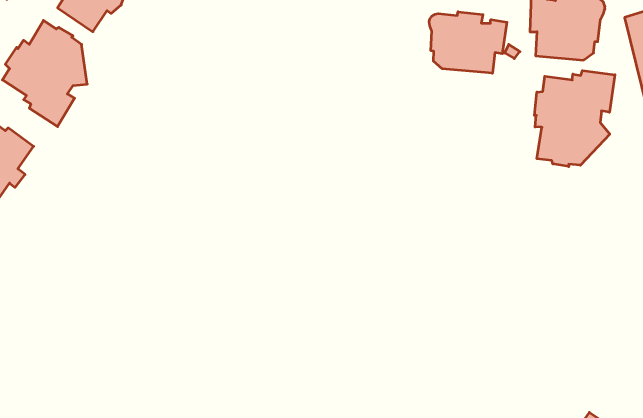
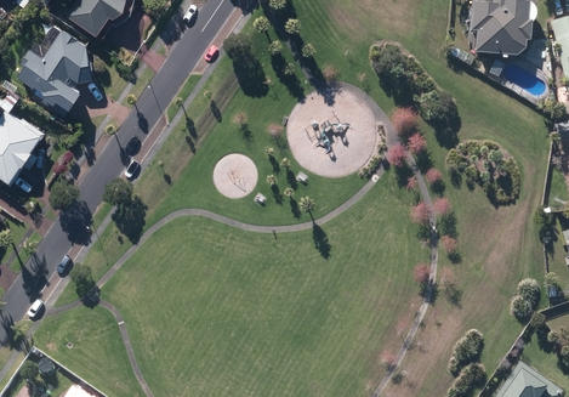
building: [429,12,507,73] -> none
building: [534,71,615,167] -> none

